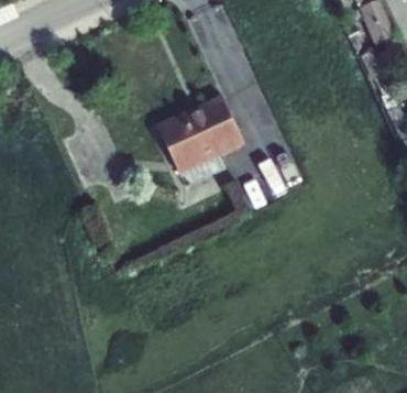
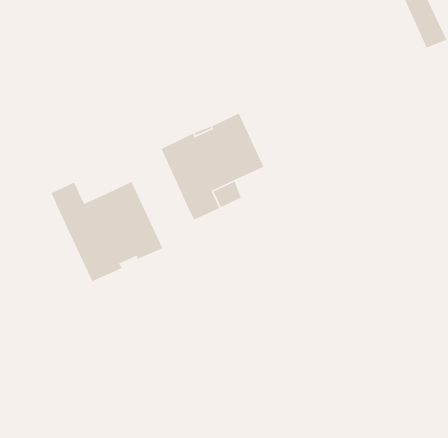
building: none -> [51,181,163,282]

